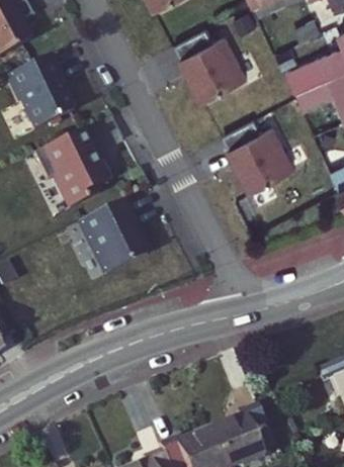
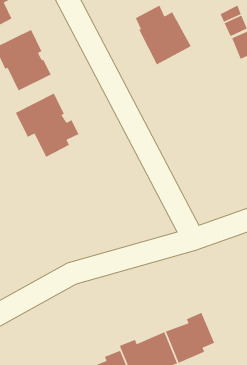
building: [223,119,291,193] -> none
building: [72,207,140,283] -> none

